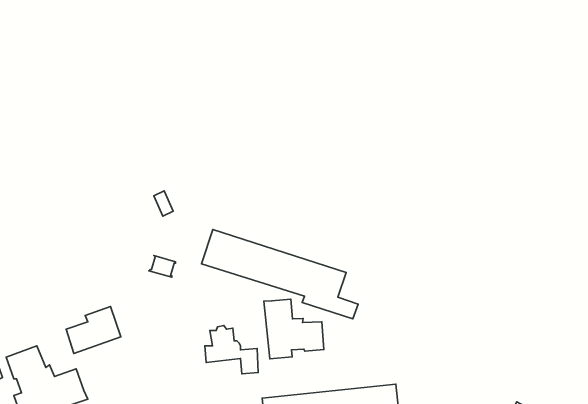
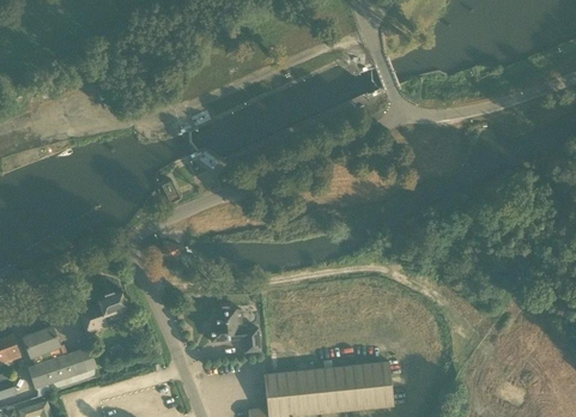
building: [202,230,358,319] -> none
building: [264,299,324,359] -> none

